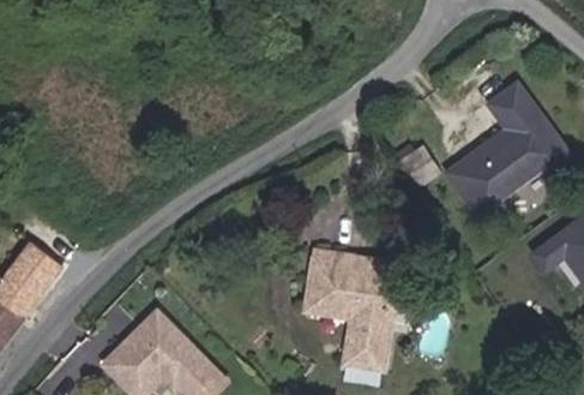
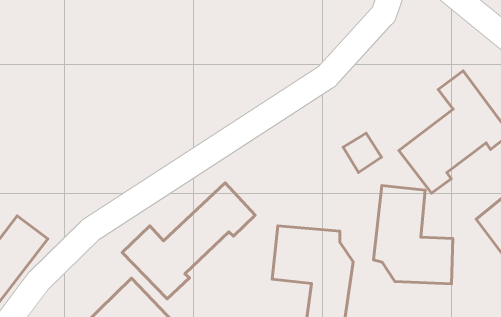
building: none -> [122,183,255,299]
building: none -> [373,186,453,284]

